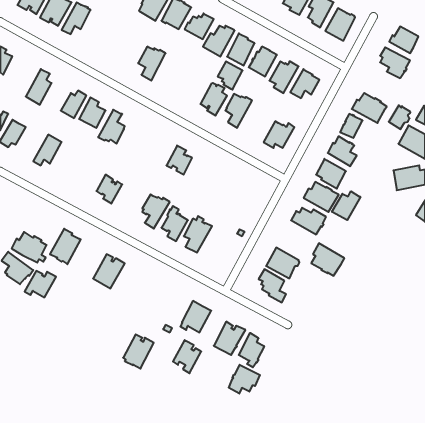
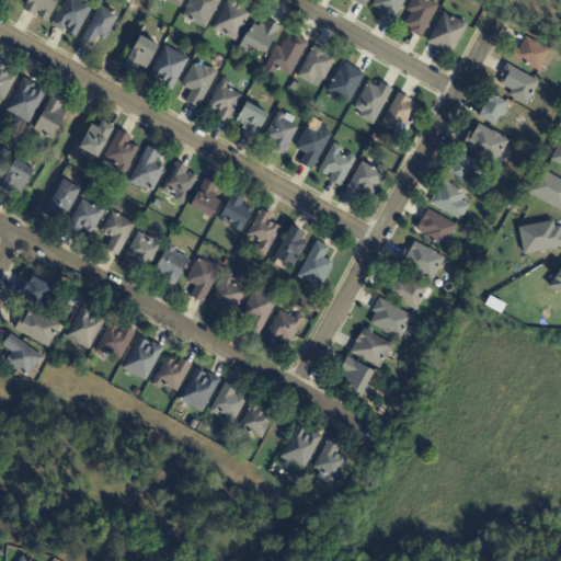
building: none -> [125,33,159,70]
building: none -> [148,44,188,88]
building: none -> [7,76,47,125]
building: none -> [208,77,243,121]
building: [218,61,243,90] -> [237,100,270,137]
building: [389,105,410,129] -> [480,92,508,124]
building: none -> [319,141,356,184]
building: none -> [161,160,198,204]
building: none -> [191,176,220,216]
building: none -> [68,198,107,233]
building: none -> [248,207,282,255]
building: none -> [101,210,136,254]
building: none -> [275,225,308,265]
building: none -> [298,239,334,284]
building: none -> [154,241,190,285]
building: [332,191,360,220] -> none
building: none -> [22,275,57,309]
building: none -> [265,309,305,344]
building: [311,243,344,276] -> [370,296,414,339]
building: none -> [151,355,193,391]
building: [25,271,56,297] -> [94,323,136,358]
building: [123,334,154,369] -> [180,367,220,412]
building: [173,340,201,373] -> [210,381,248,425]
building: [229,365,260,394] -> none

